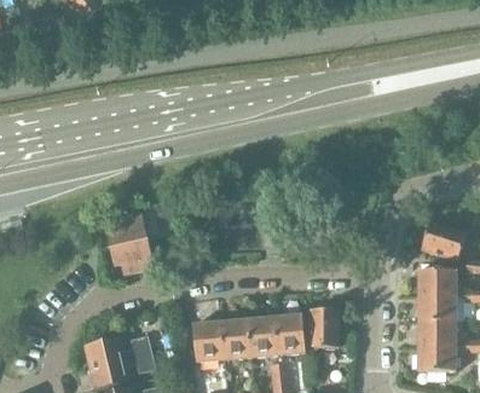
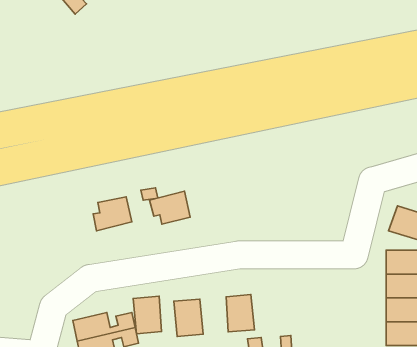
building: [110,239,154,274] -> [149,191,190,224]
building: [310,310,339,347] -> none
building: [274,314,305,354] -> none
building: [220,319,250,359] -> [133,296,162,334]

